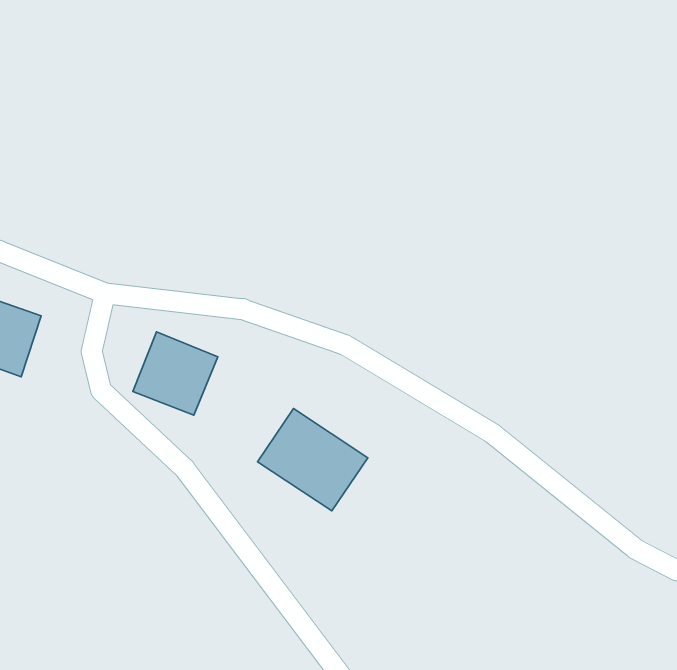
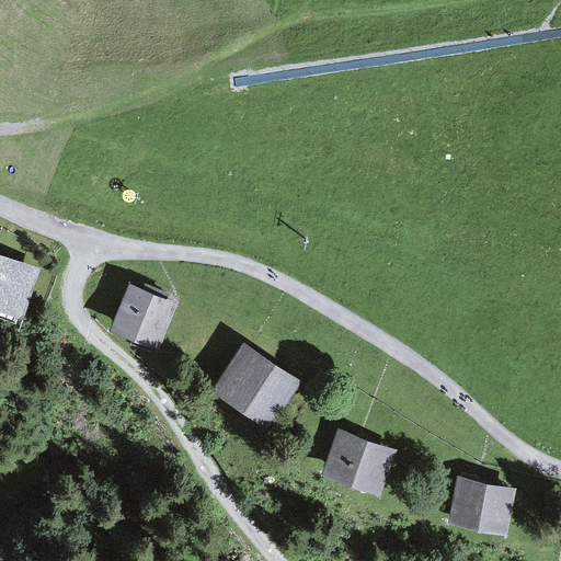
building: none -> [322,432,391,493]
building: none -> [451,480,513,530]

